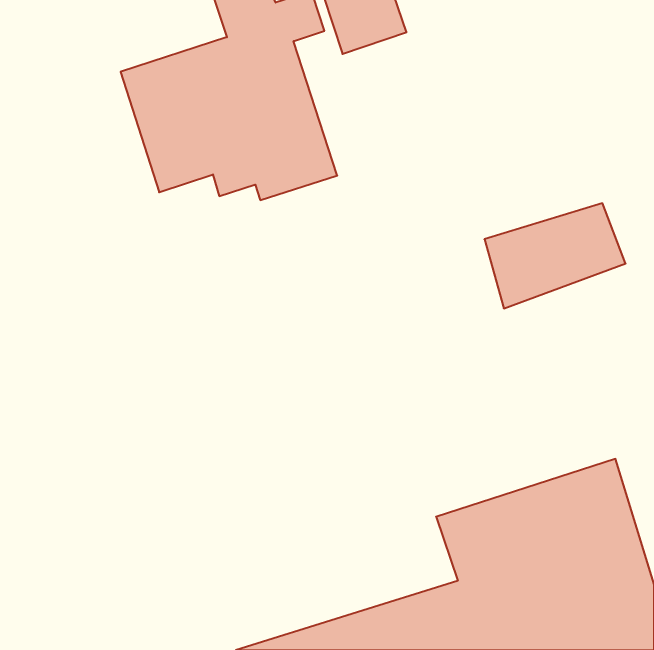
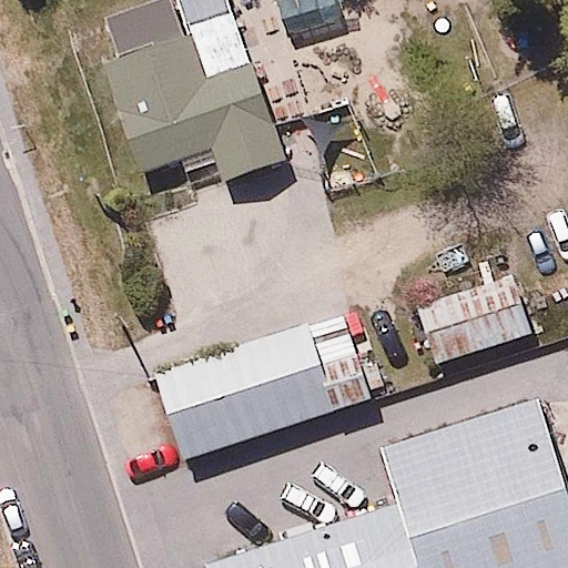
building: [484,203,626,308] -> [418,276,540,367]
building: none -> [155,314,373,464]

